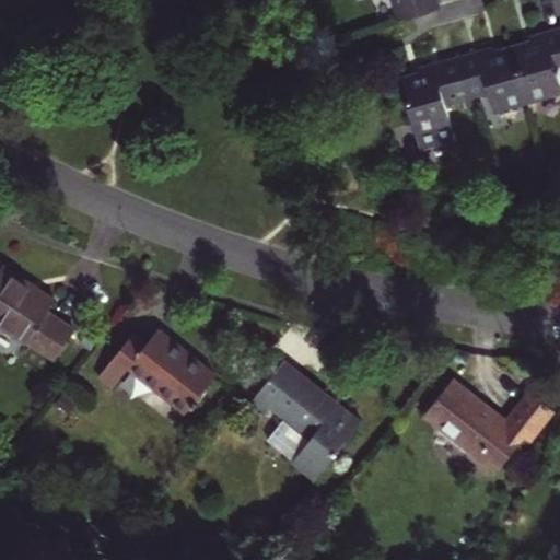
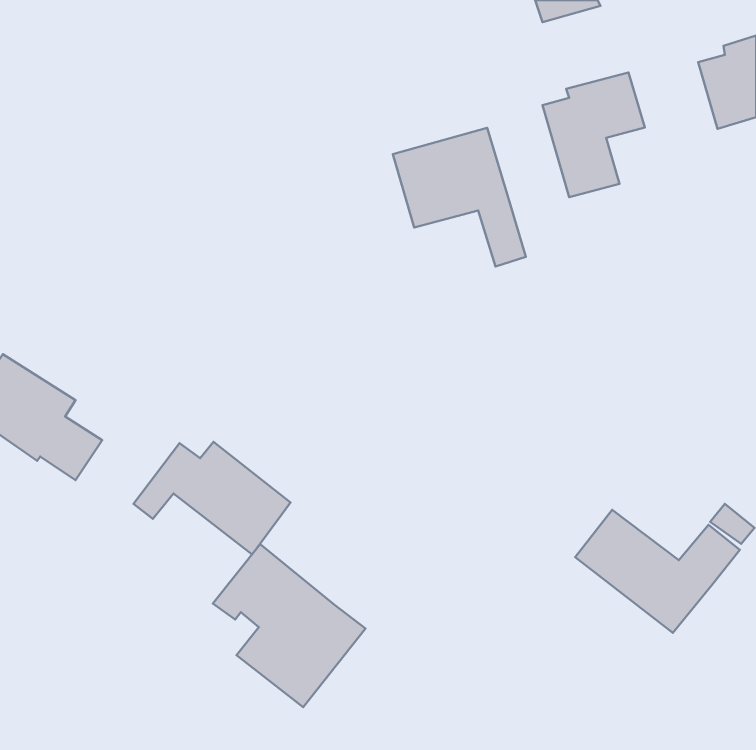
building: [464,50,529,110] -> none
building: none -> [393,128,526,267]
building: [249,360,362,480] -> [213,544,365,707]

